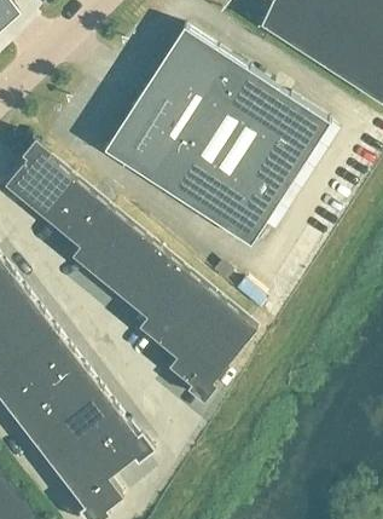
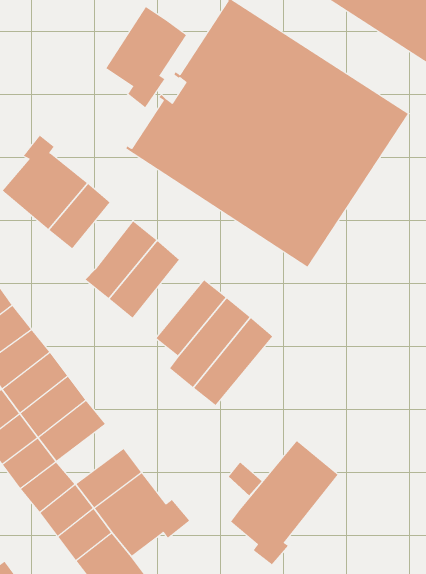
building: none -> [105,6,187,108]
building: [60,192,109,246] -> none
building: [109,238,166,301] -> none
building: [168,300,255,400] -> [230,440,339,565]
building: [47,370,101,419] -> none

